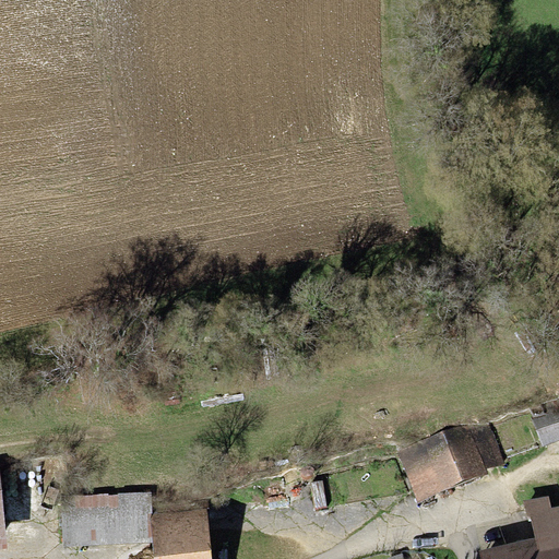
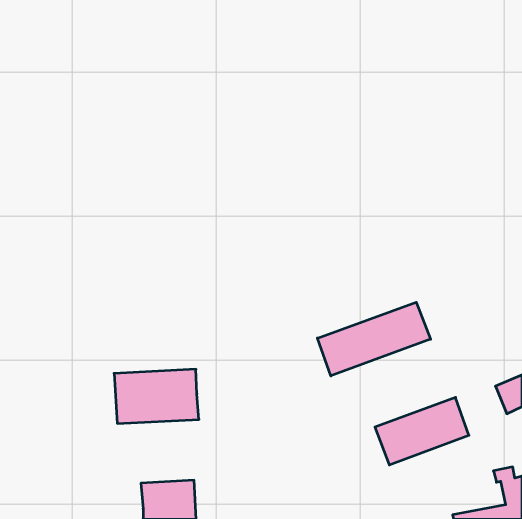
building: none -> [317,302,431,376]
building: [62,490,153,548] -> [114,369,199,423]

